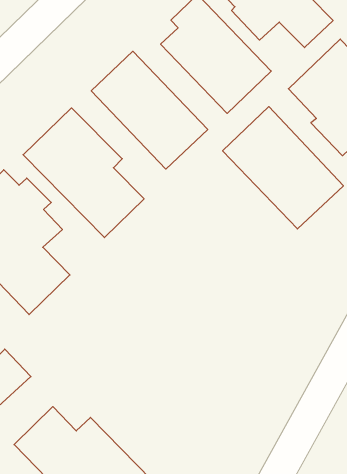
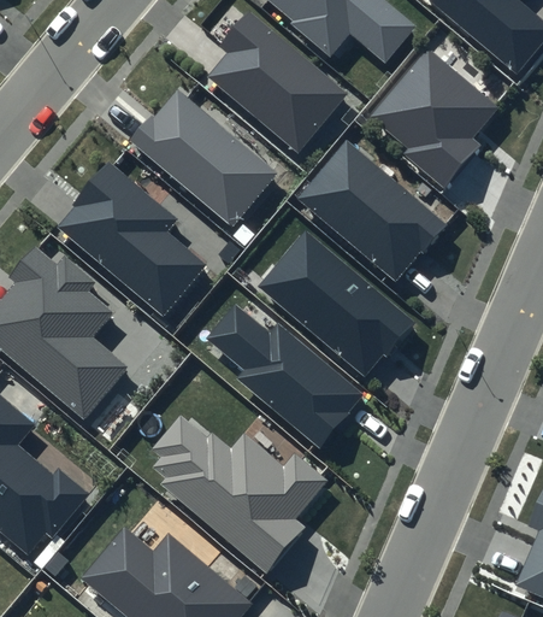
building: none -> [258,230,413,378]
building: none -> [206,304,366,448]
building: none -> [153,416,325,574]

